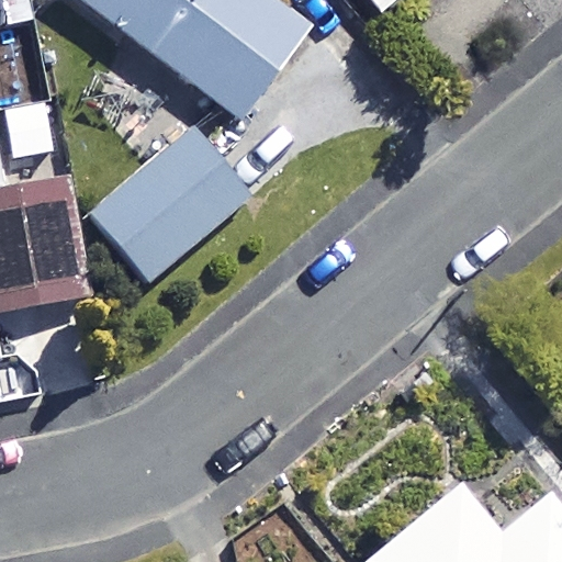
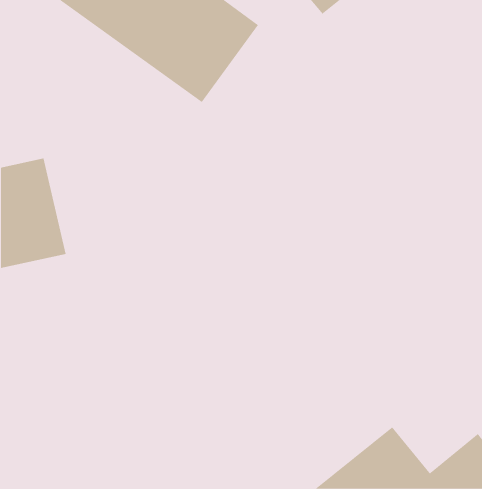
building: [66,135,248,317] -> none

